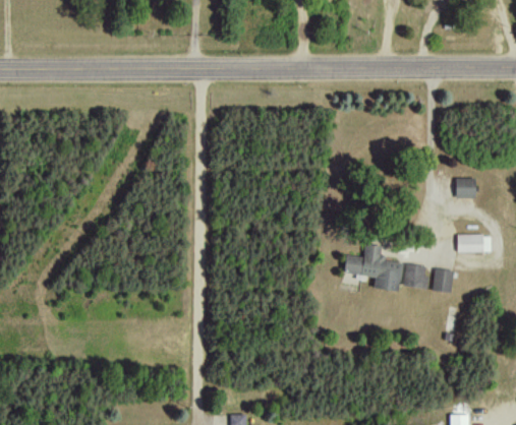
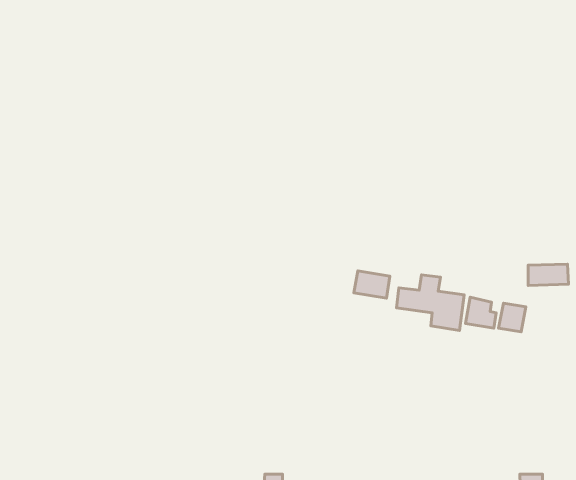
building: [456,178,475,198] -> none
building: none -> [354,271,390,298]

